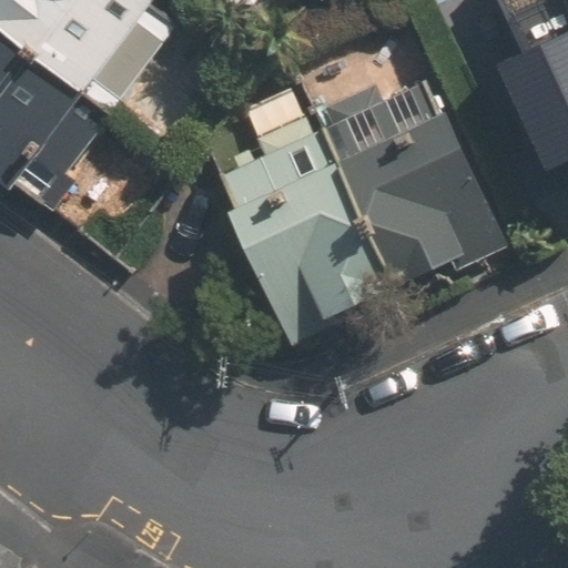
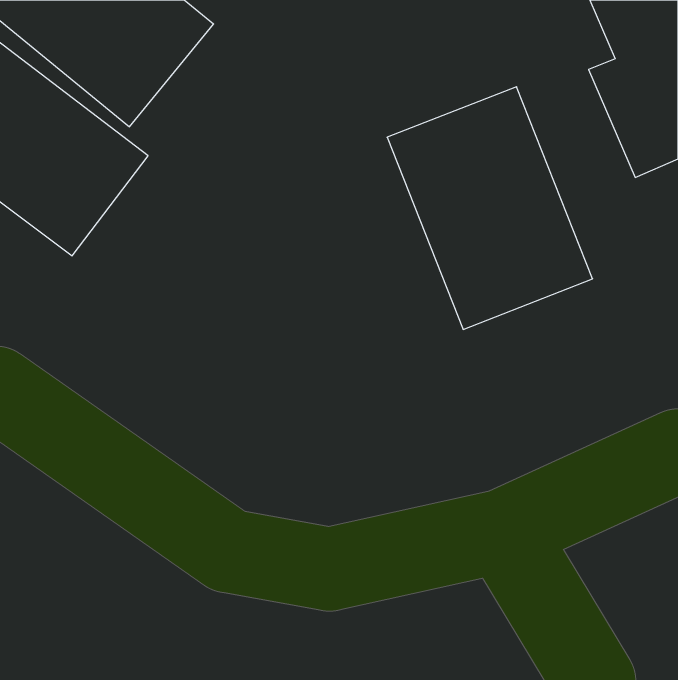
building: [216,104,386,339] -> none

